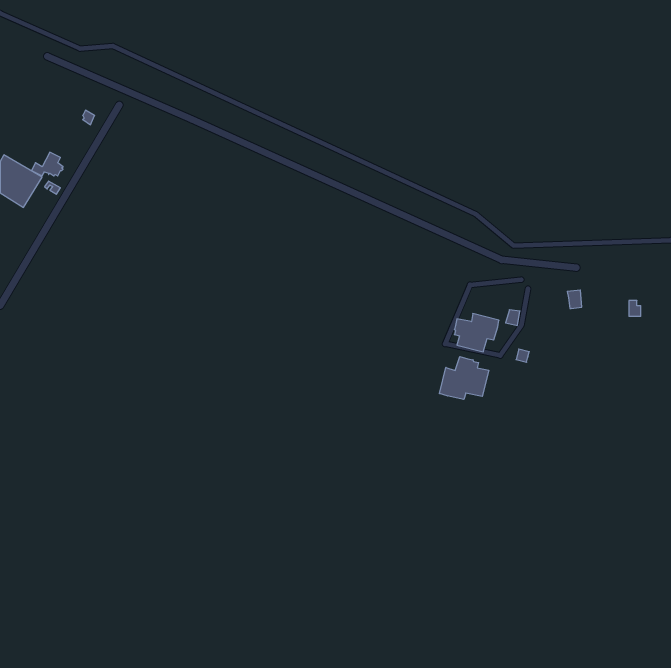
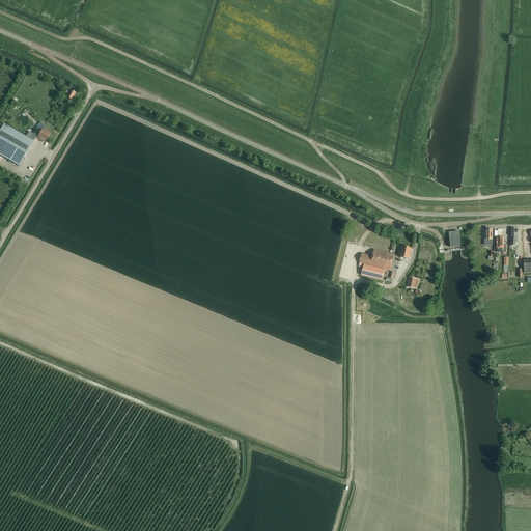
building: [439,357,489,399] -> none

